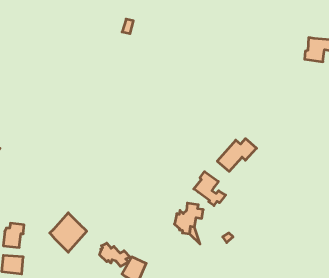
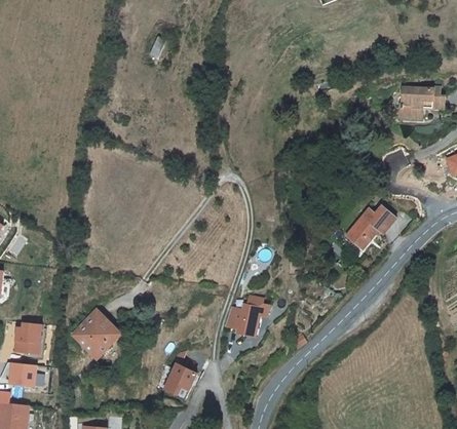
building: [217,139,257,171] -> [347,206,397,248]
building: [194,172,226,206] -> none
building: [100,243,130,266] -> none

